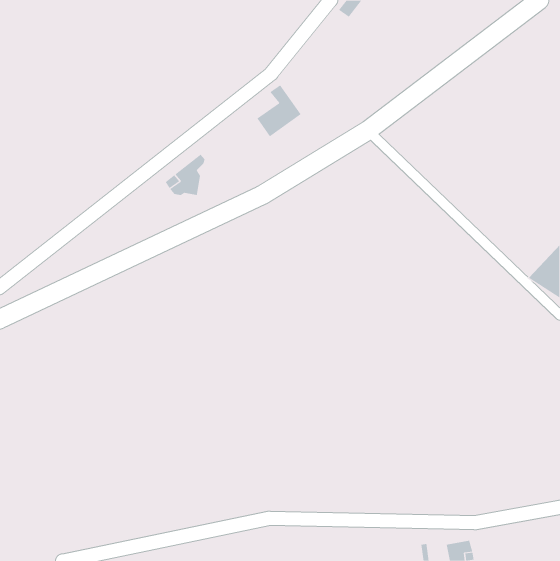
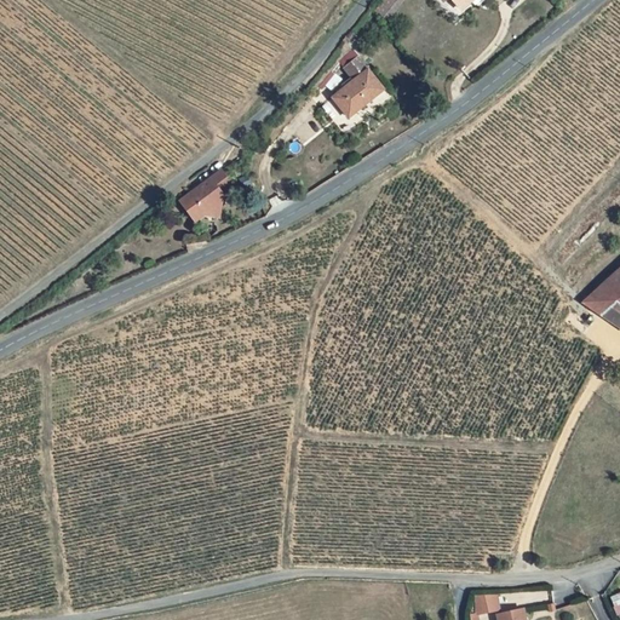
building: [256,85,301,137] -> [332,58,381,116]

